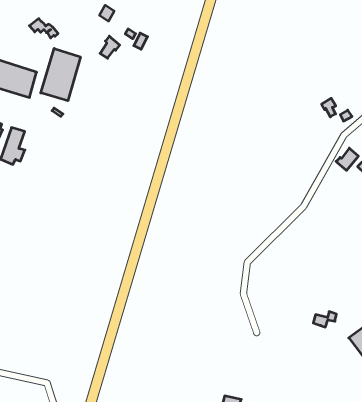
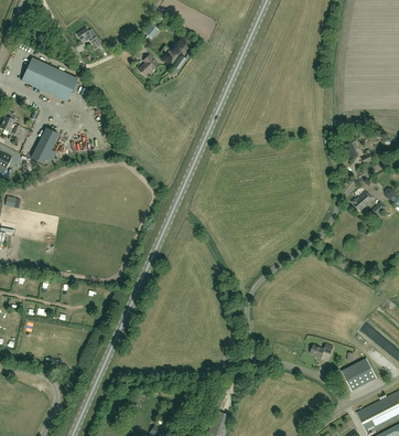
building: [41,48,80,101] -> none

